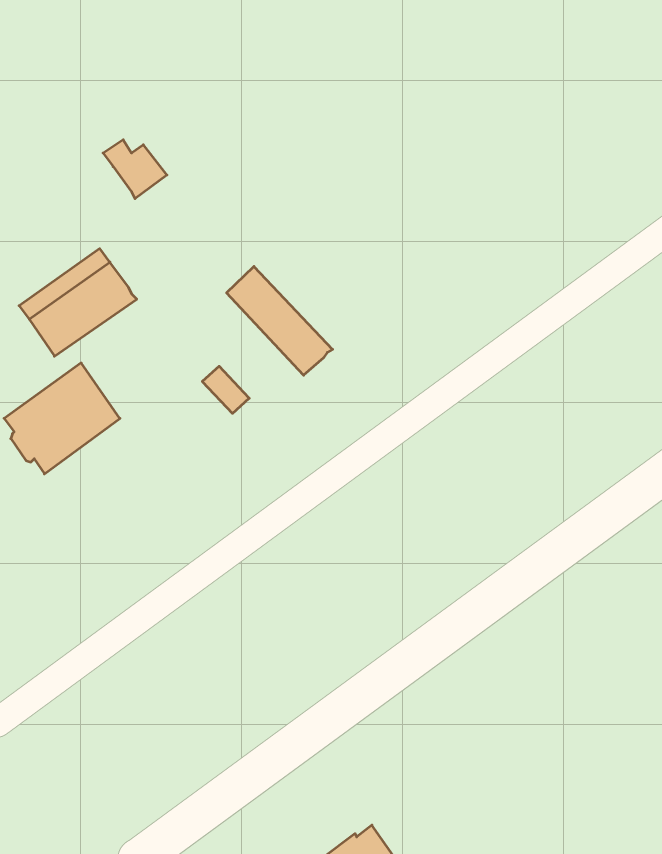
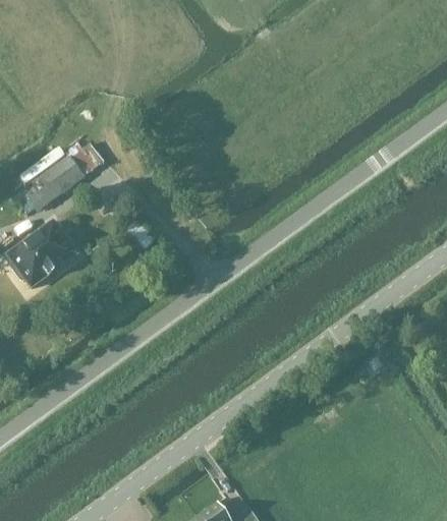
building: [103,140,167,199] -> [63,142,102,178]
building: [227,266,333,375] -> none

